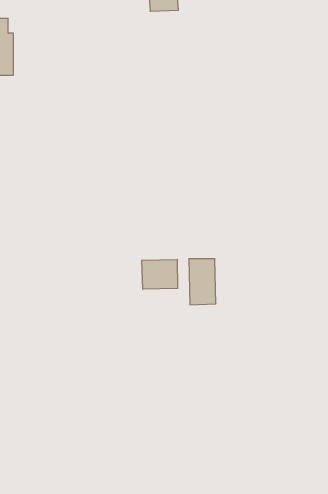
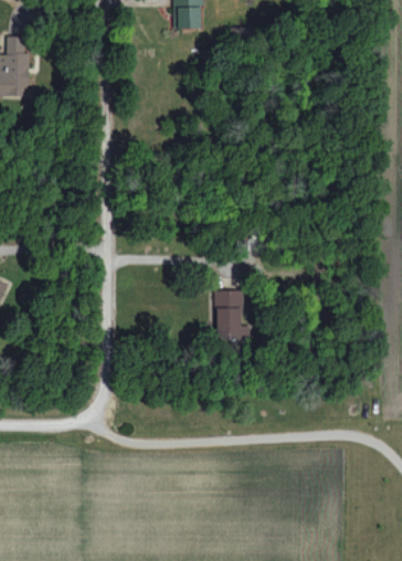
building: [142,259,178,289] -> none

